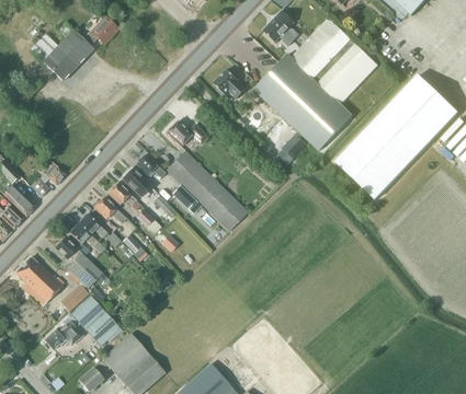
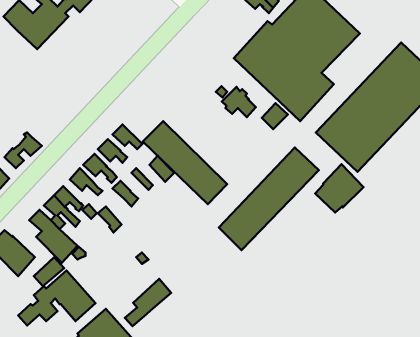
building: [213,68,246,97] -> [222,87,256,117]
building: [167,120,207,146] -> none
building: none -> [219,148,319,250]
building: none -> [315,164,363,212]
building: none -> [125,279,171,326]

